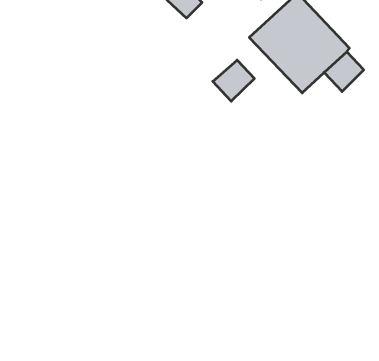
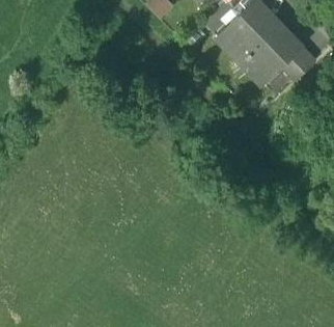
building: [213,60,254,101] -> none

